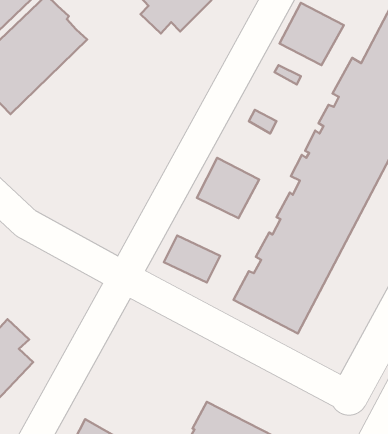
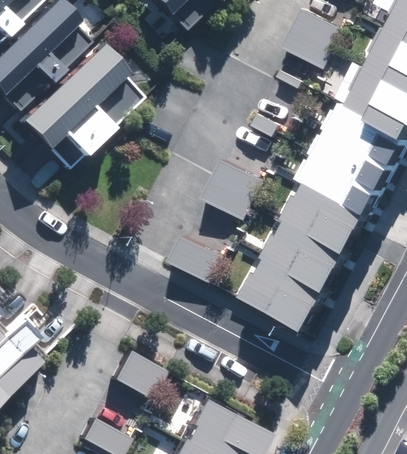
building: none -> [24,48,145,171]
building: none -> [112,347,166,400]

